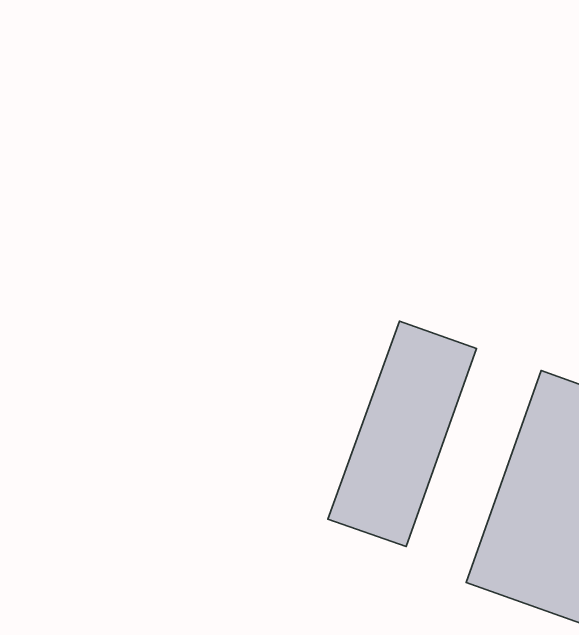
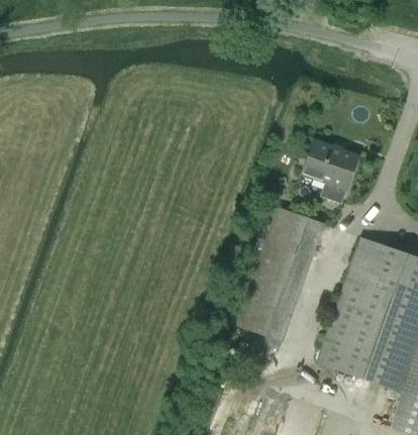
building: none -> [305,138,360,201]

